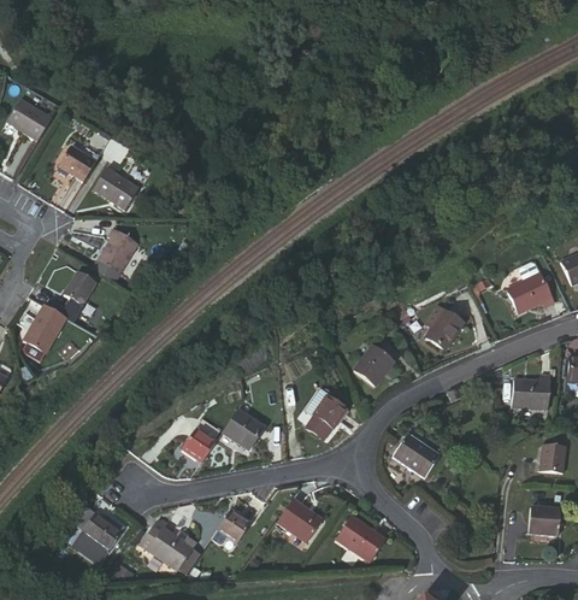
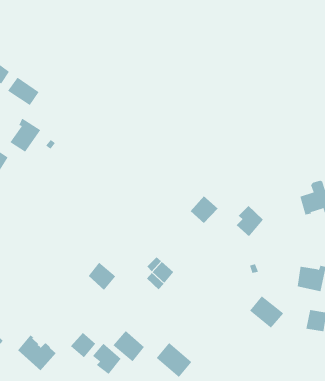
building: [356,347,396,387] -> [190,195,219,224]
building: [185,419,223,463] -> none
building: [390,429,440,473] -> [249,295,284,328]
building: [524,508,556,535] -> none
building: none -> [92,343,121,375]

